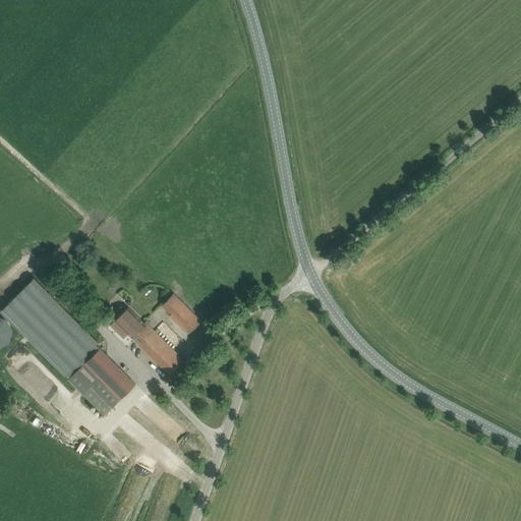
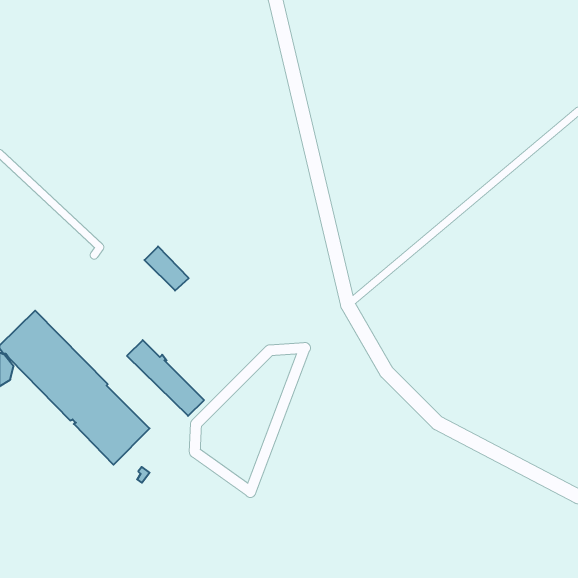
building: [161,292,200,332] -> [144,246,189,291]

